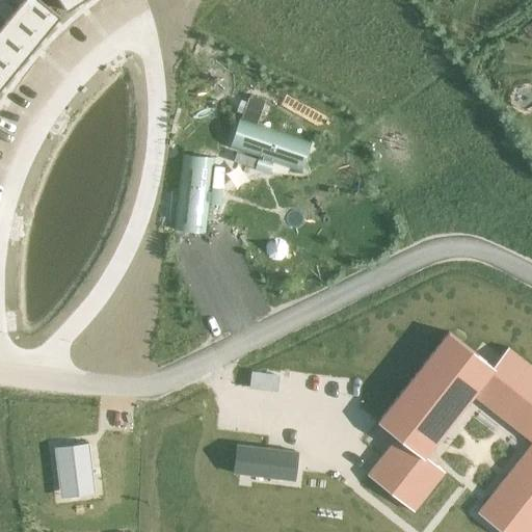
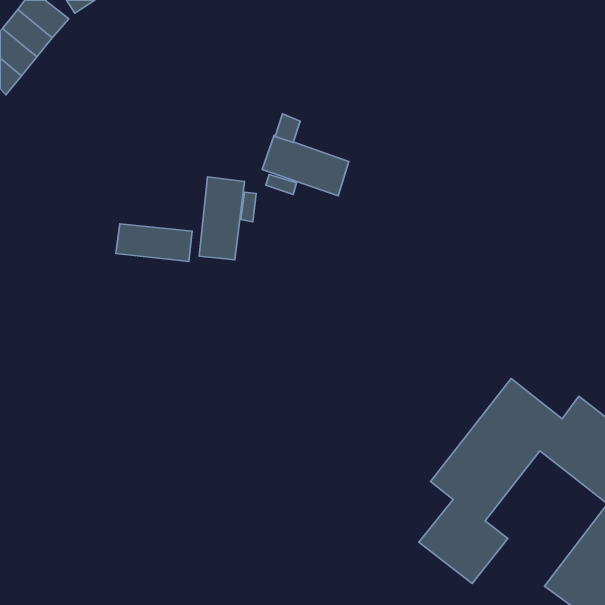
building: none -> [116,224,192,261]
building: [57,445,96,498] -> none
building: [234,445,298,481] -> none

